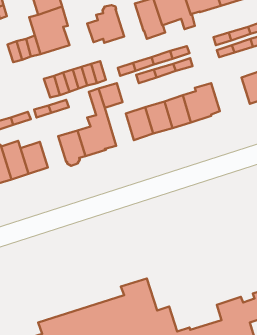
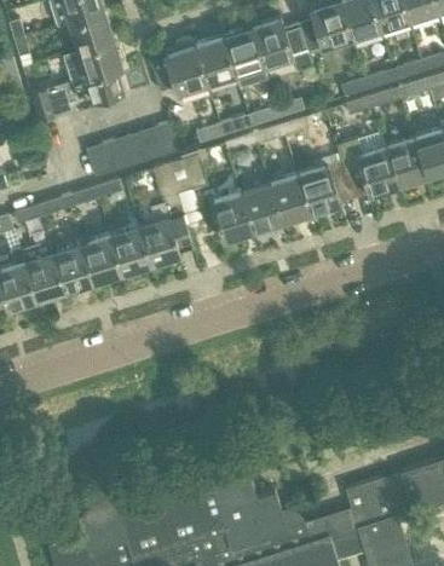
building: none -> [192,36,235,86]
building: none -> [336,140,394,198]
building: none -> [79,236,119,283]

